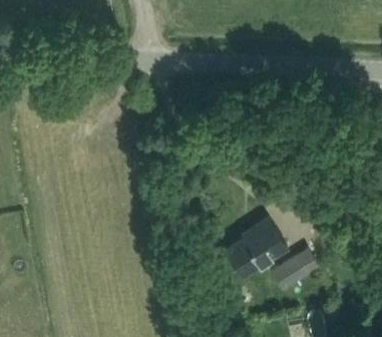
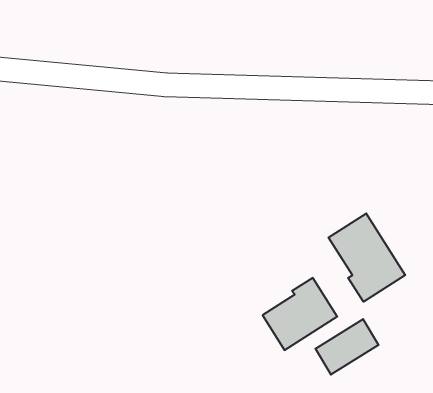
building: none -> [329,213,405,302]

